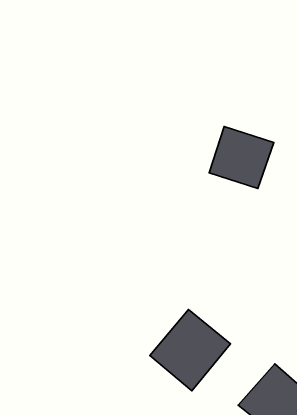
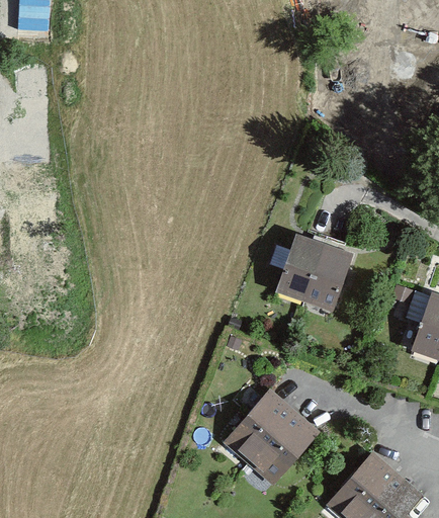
building: [209,127,274,189] -> [274,235,352,310]

